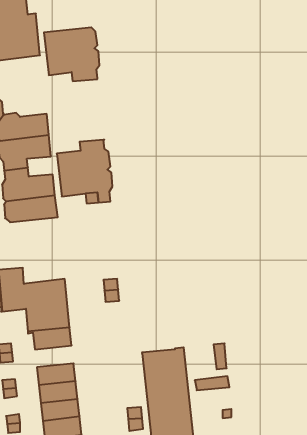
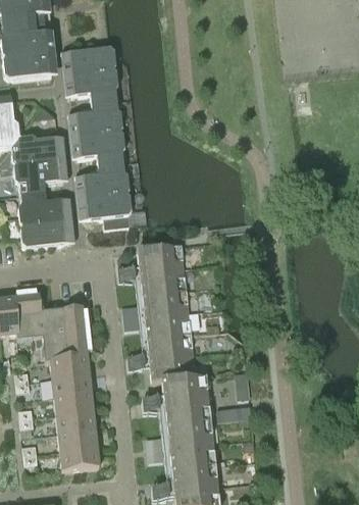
building: none -> [66,100,124,164]
building: none -> [137,244,195,383]
building: none -> [51,373,91,396]

